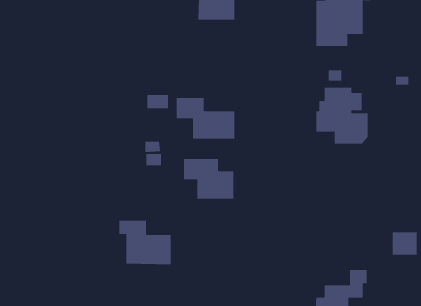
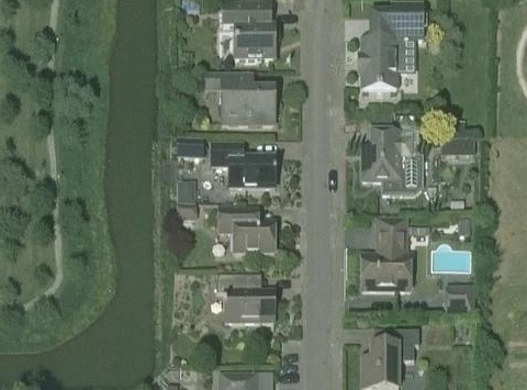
building: none -> [206,74,274,124]
building: none -> [362,219,411,289]
building: [118,220,171,265] -> [217,274,274,322]

